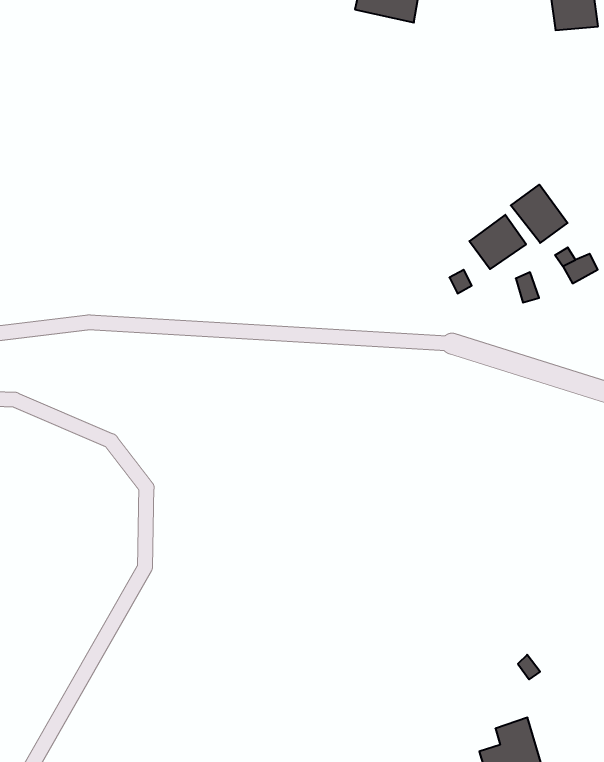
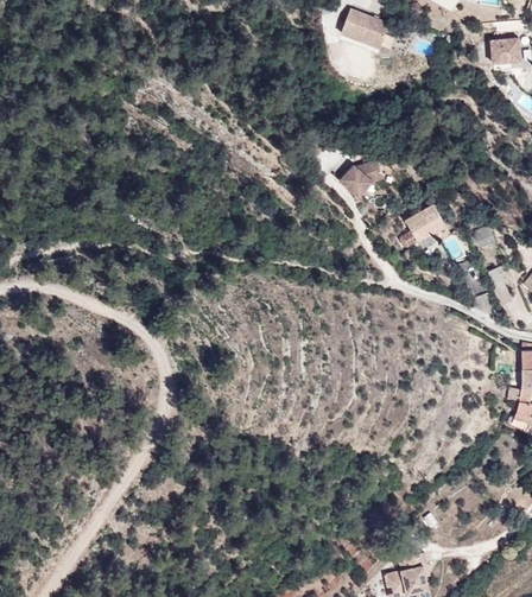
building: none -> [344,153,388,190]
building: [511,185,568,243] -> none

